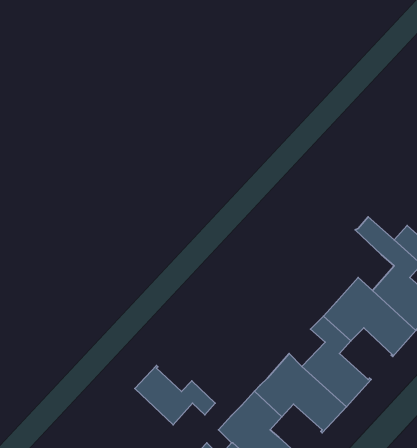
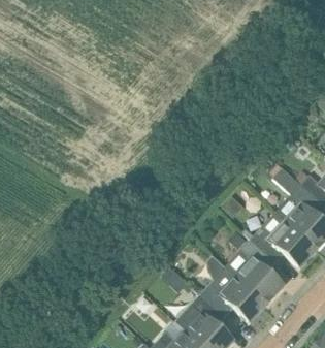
building: [135,366,215,425] -> none

